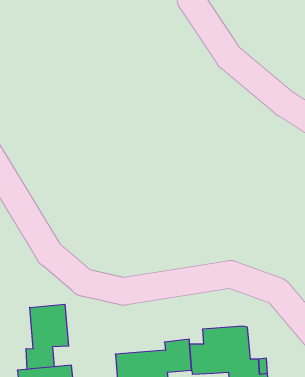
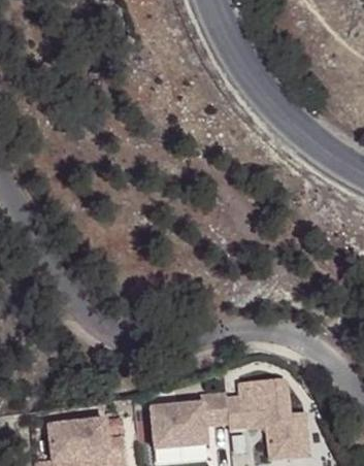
building: [26,304,69,369] -> none

